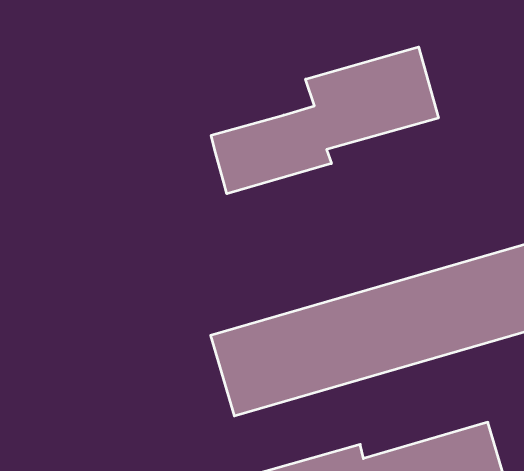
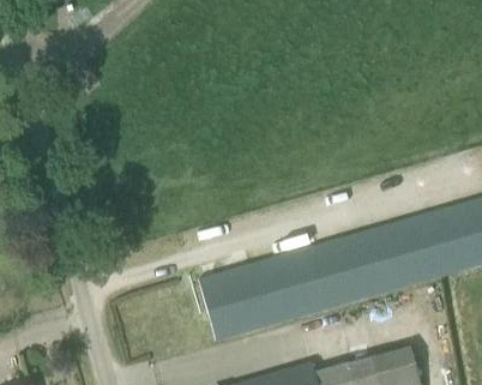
building: [211,47,438,194] -> none

